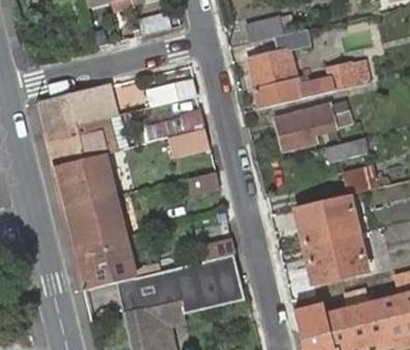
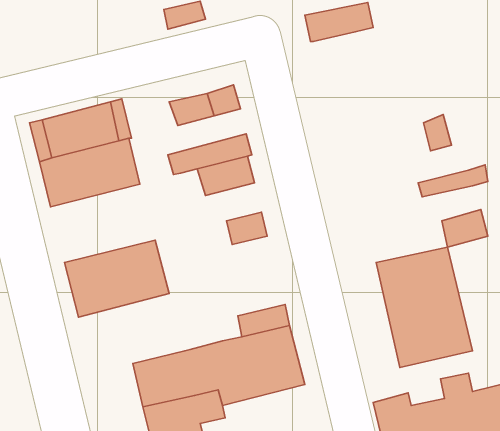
building: [246,49,358,107] -> none
building: [276,102,336,147] -> none
building: [55,147,133,206] -> none
building: [76,228,155,288] -> none

